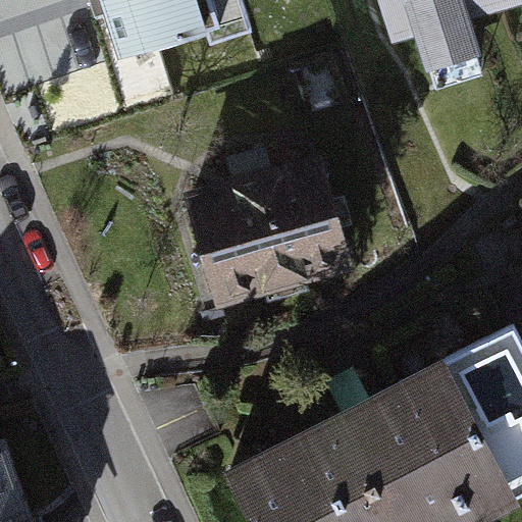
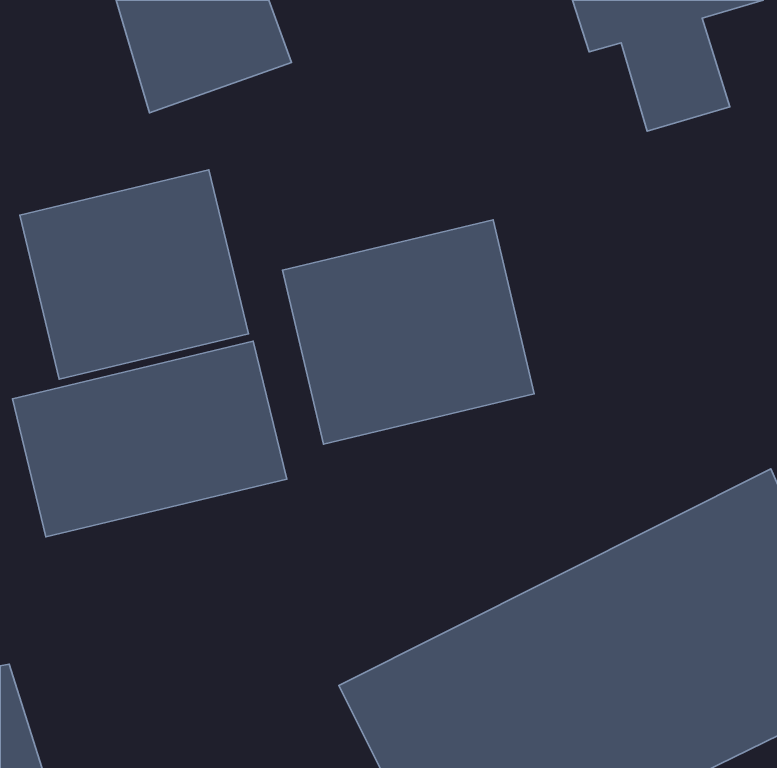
building: none -> [20,170,248,379]
building: none -> [12,341,287,537]

